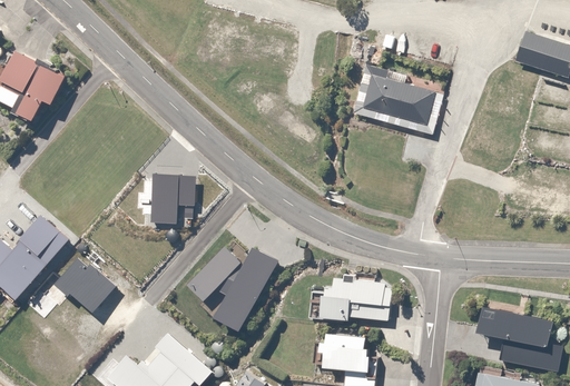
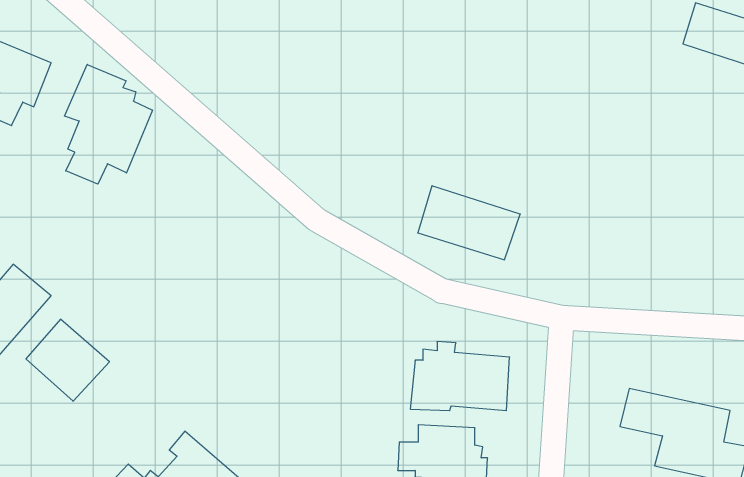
building: [364,73,436,126] -> [418,186,520,260]
building: none -> [65,64,152,184]
building: [145,174,193,225] -> none
building: [183,246,272,329] -> none

